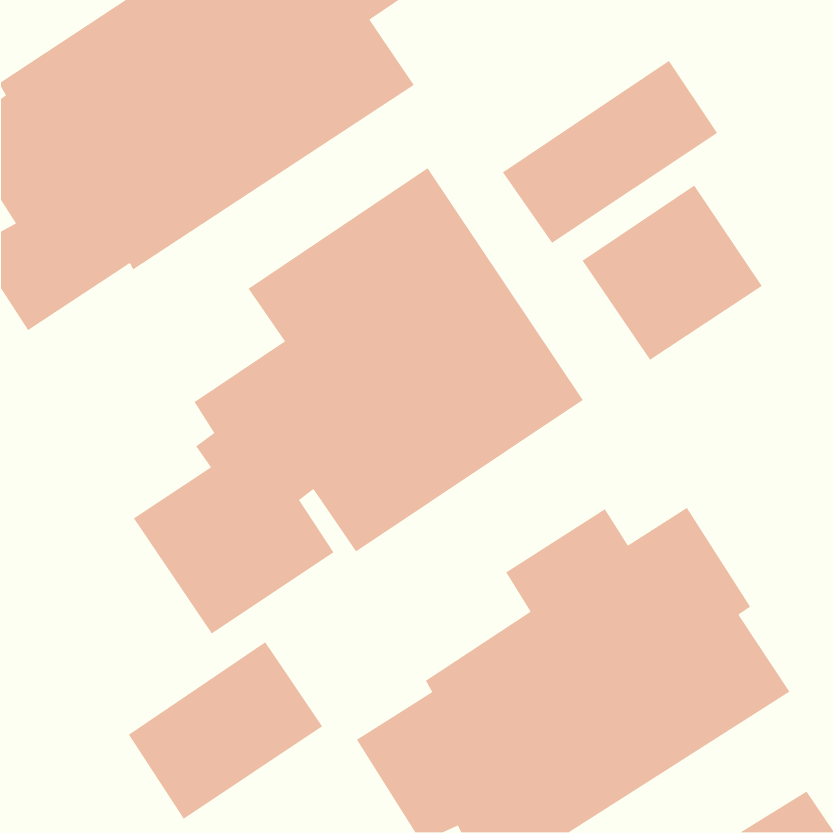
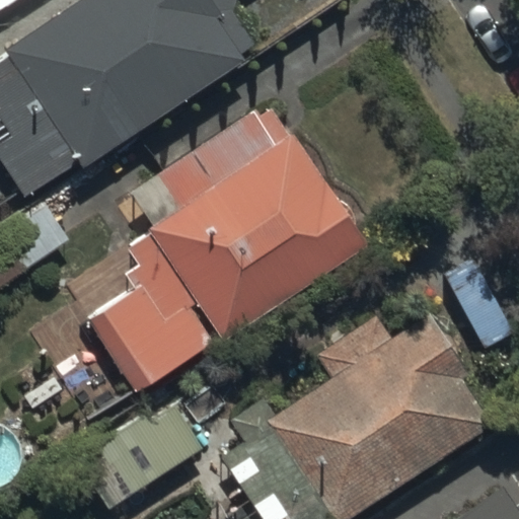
building: [502,60,718,244] -> none
building: [582,185,763,361] -> none

